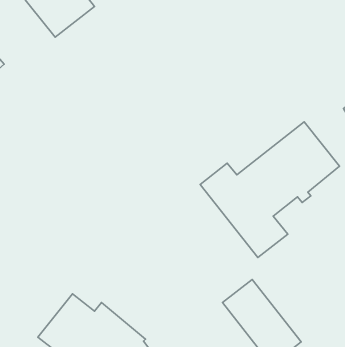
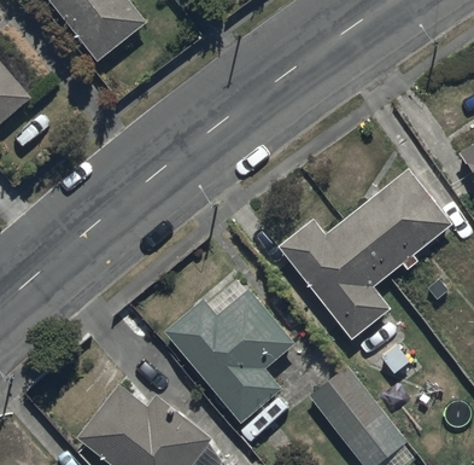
building: none -> [163,287,293,423]

